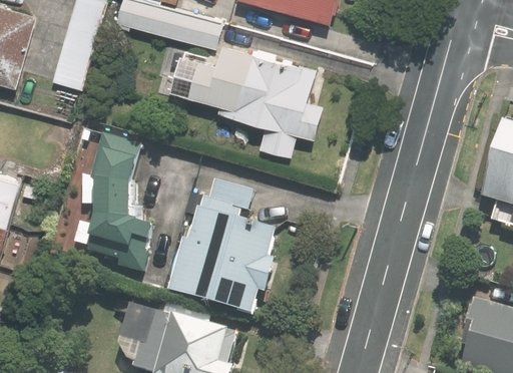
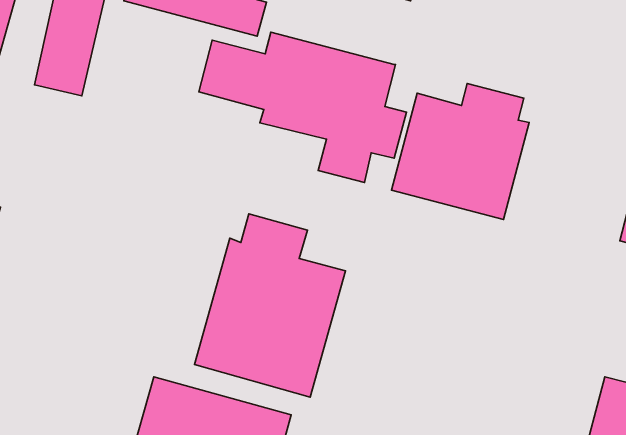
building: none -> [391,83,529,219]
building: [86,135,153,274] -> none

